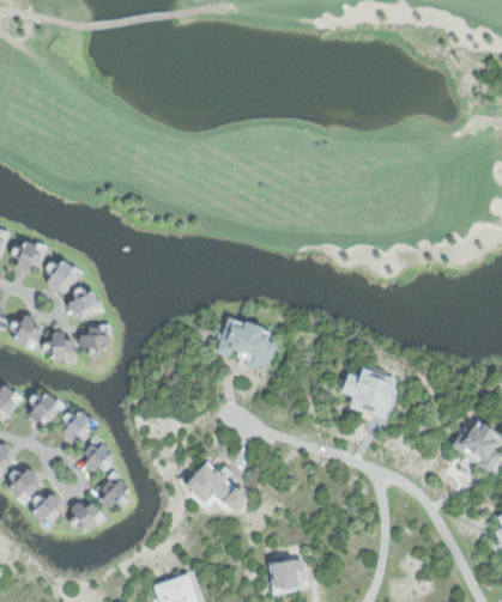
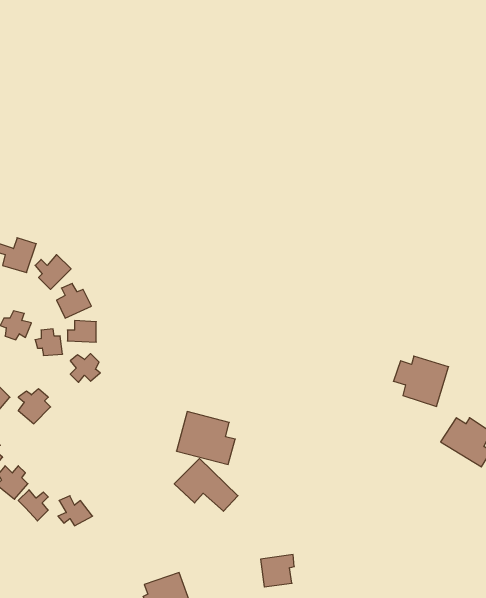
building: [217,316,276,369] -> [176,412,235,464]
building: [341,367,397,418] -> [393,356,449,406]
building: [61,411,91,439] -> [70,354,100,382]
building: [83,440,113,472] -> none
building: [99,473,131,507] -> none

